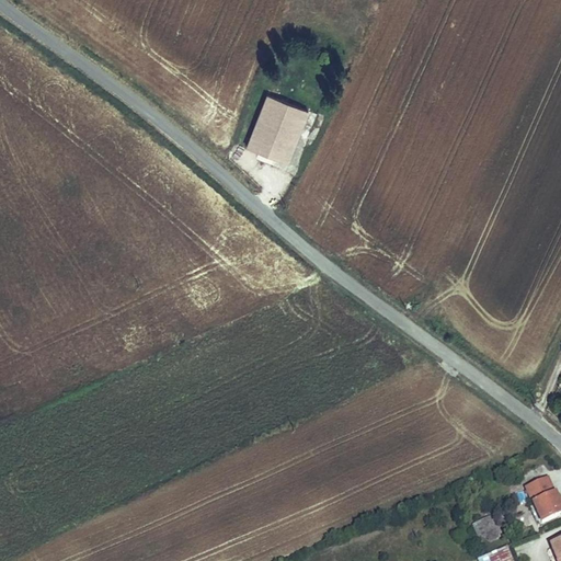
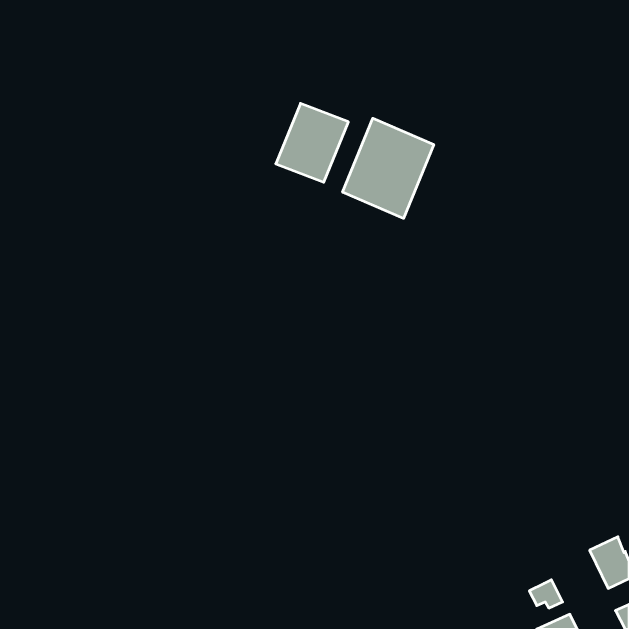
building: none -> [343,118,434,218]

